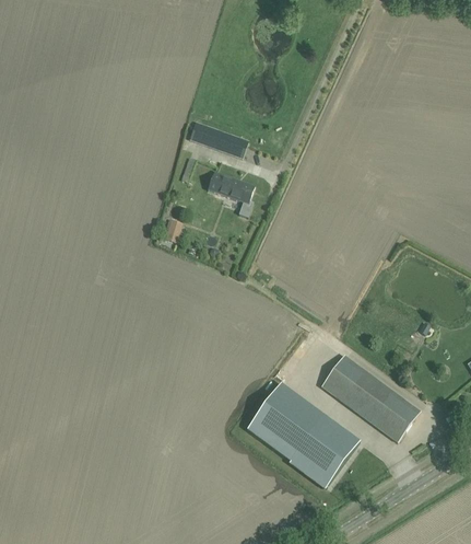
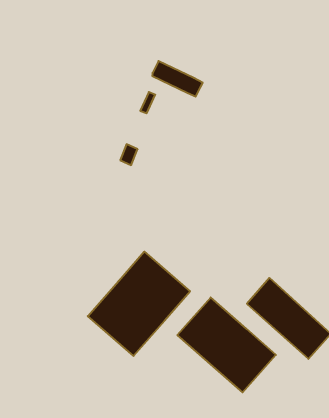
building: [208,171,255,218] -> none
building: none -> [88,252,190,356]

